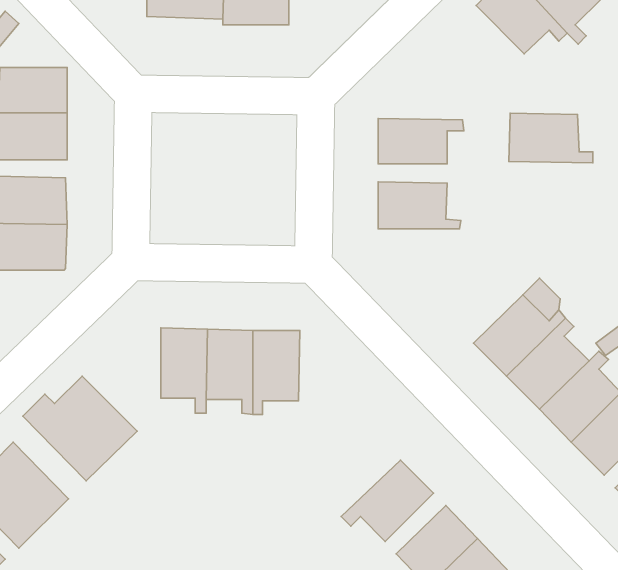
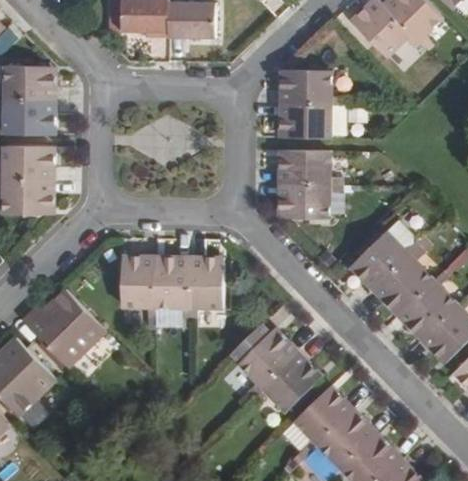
building: [509,113,593,163] -> [280,69,341,105]
building: none -> [279,184,339,220]
building: none -> [230,327,296,393]

